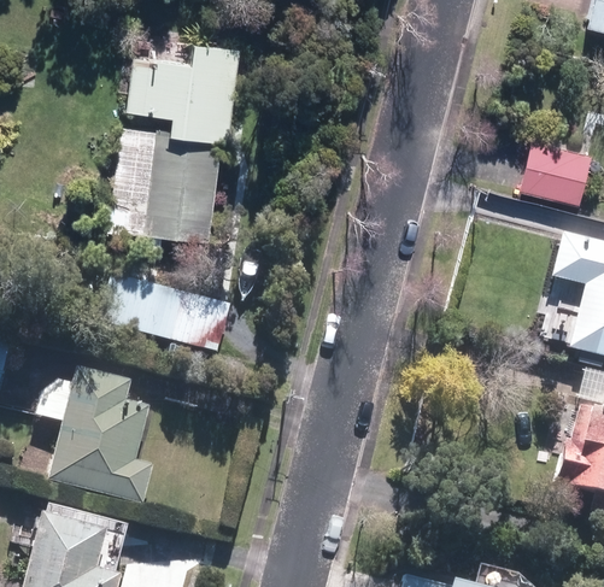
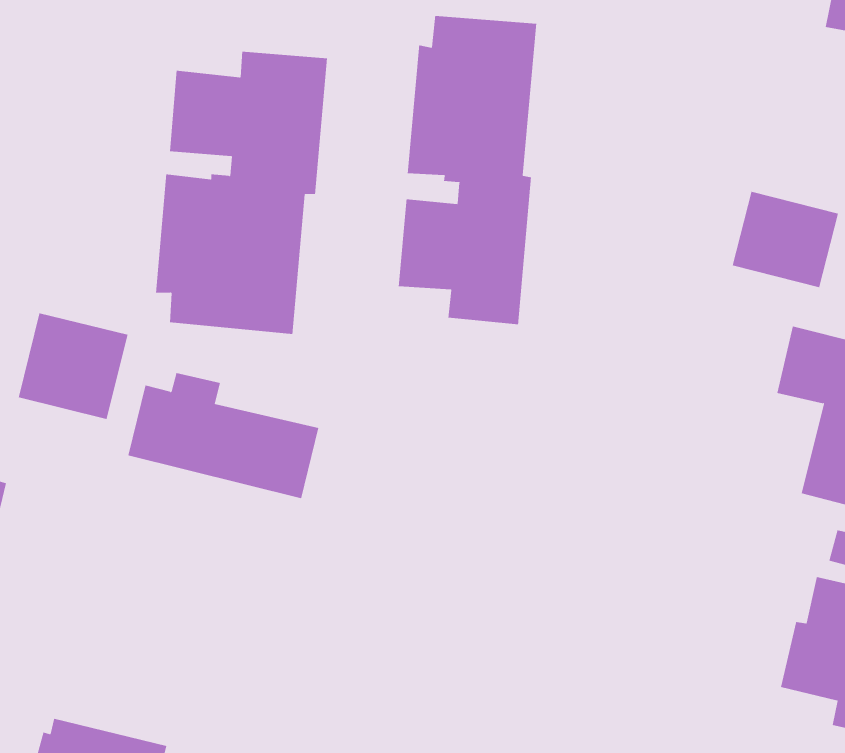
building: none -> [398,15,537,325]
building: none -> [18,312,128,420]
building: [35,368,154,506] -> none

